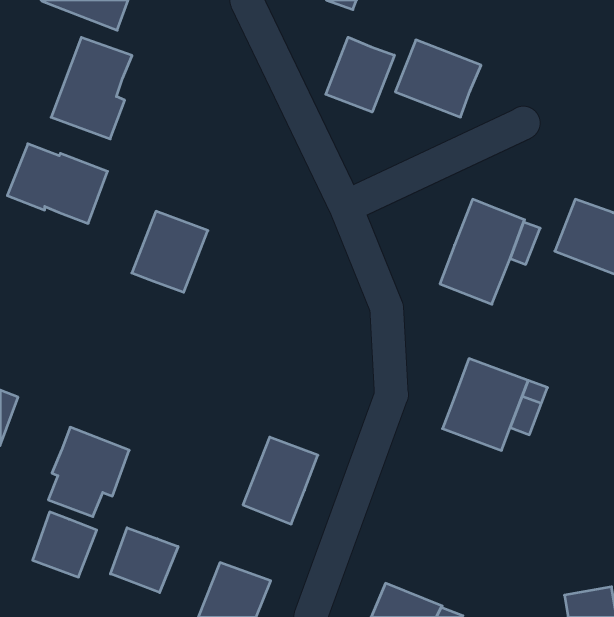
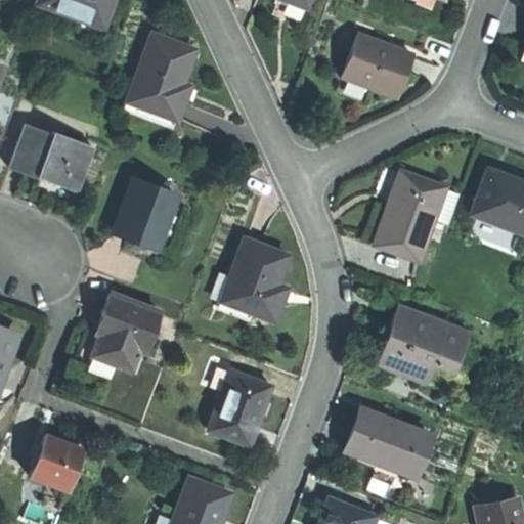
building: [326,37,394,112] -> none
building: [51,37,132,139] -> [129,34,198,120]
building: none -> [219,237,291,321]
building: [48,427,129,517] -> [92,294,161,369]
building: none -> [347,408,431,476]
building: [110,528,178,593] -> none

